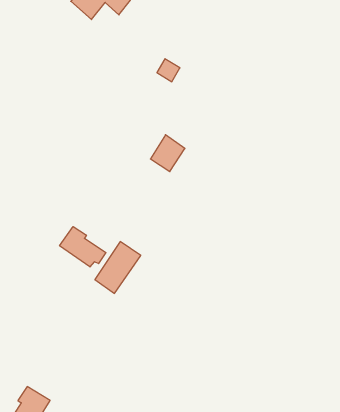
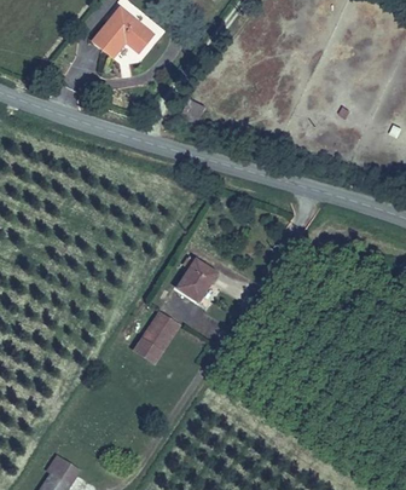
building: [150,135,185,172] -> [180,258,216,296]
building: [60,227,106,267] -> none

